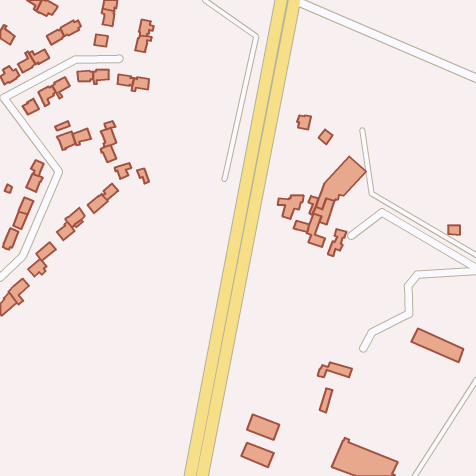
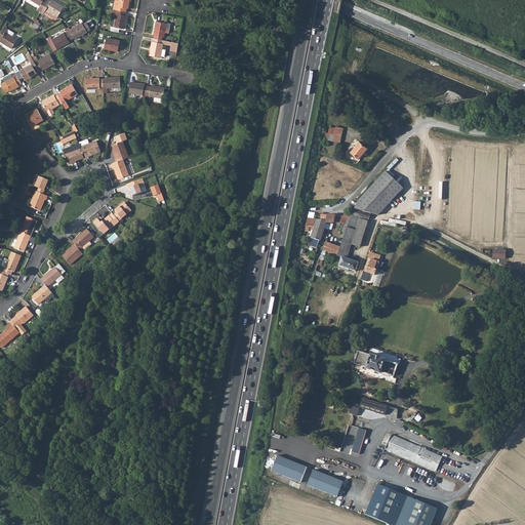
building: none -> [354,347,400,375]
building: [411,329,463,362] -> [385,434,442,471]
building: [241,443,274,467] -> [308,471,344,497]

